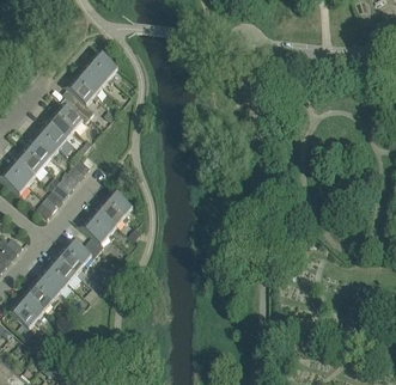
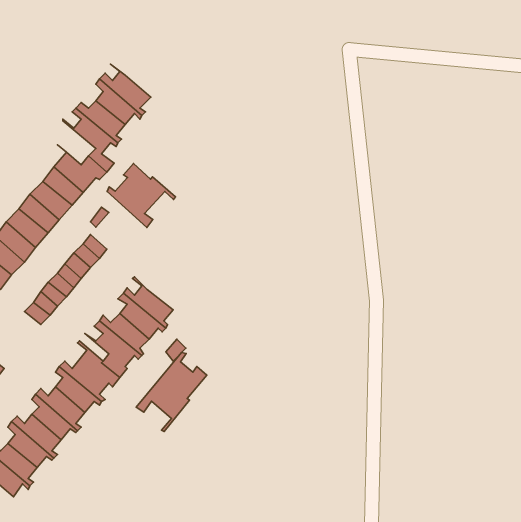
building: none -> [107,164,175,227]
building: none -> [136,353,207,432]

